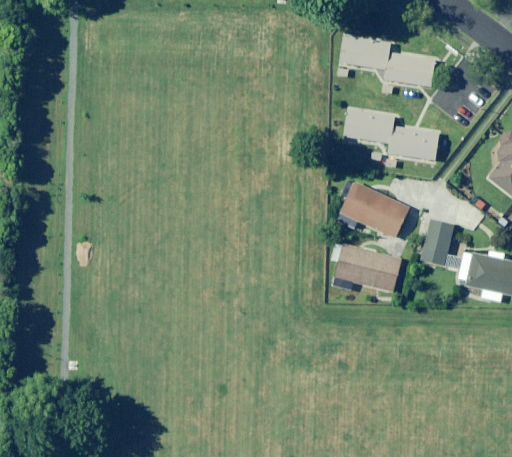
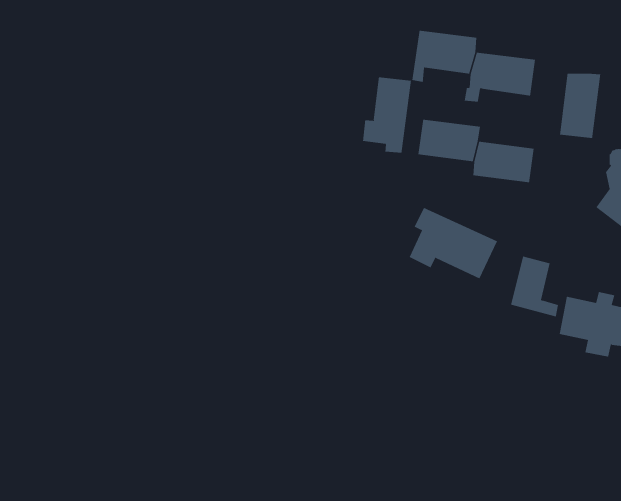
building: none -> [560,73,601,139]
building: none -> [362,77,411,154]
building: [331,242,401,291] -> none

